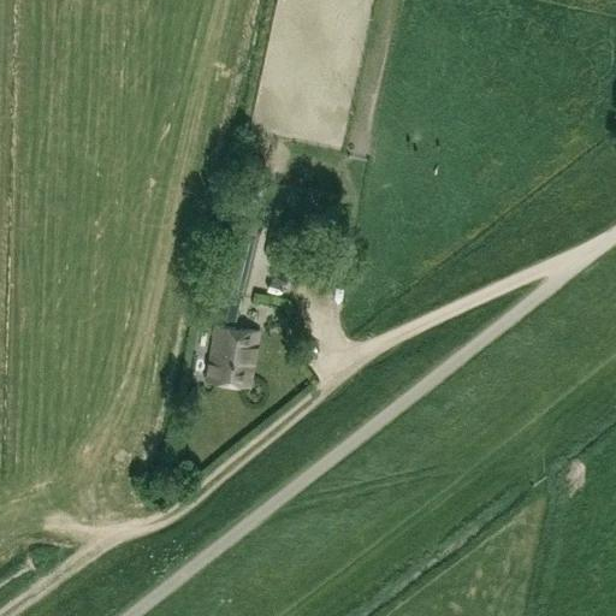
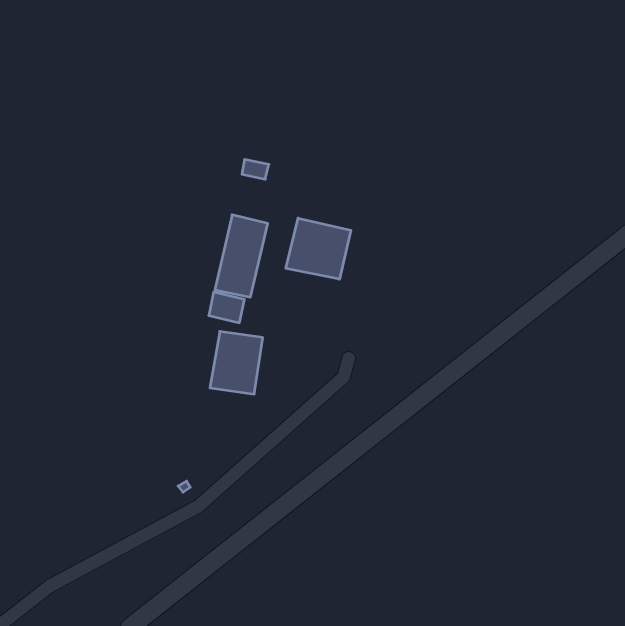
building: none -> [286,218,351,279]

